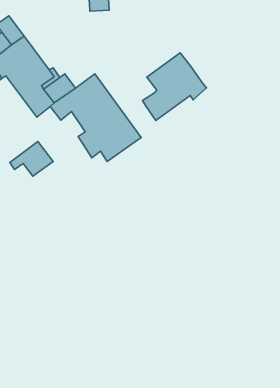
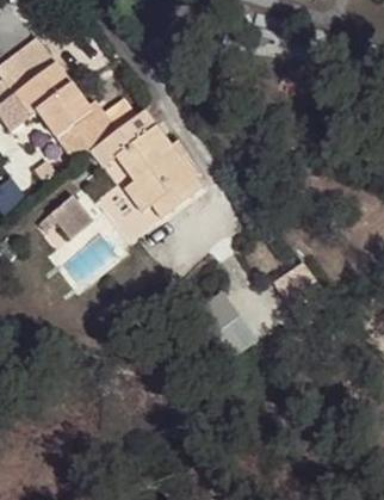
building: [143,53,207,121] -> none

